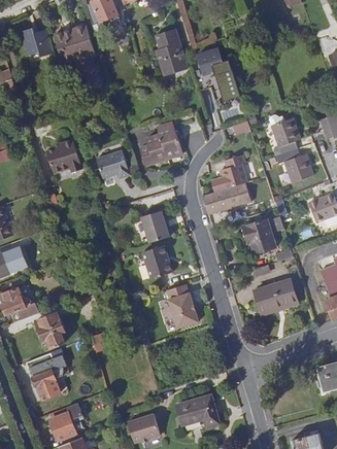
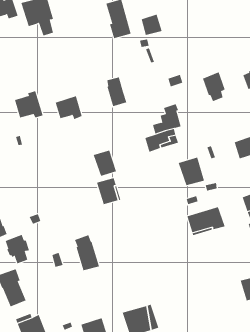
building: [139,135,165,166] -> none
building: [278,148,313,182] -> none
building: [167,284,198,327] -> [74,235,100,271]

